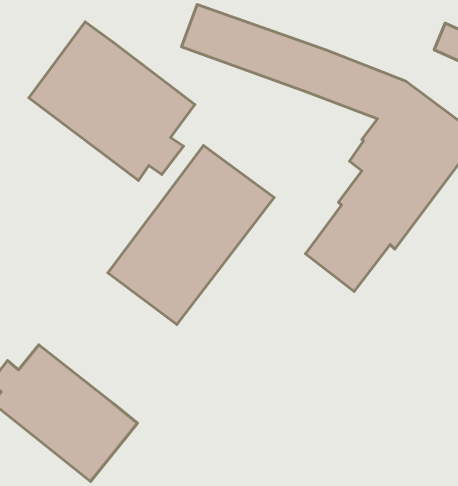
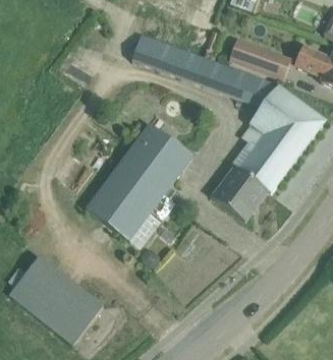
building: none -> [229,39,291,78]
building: [29,22,195,181] -> none

